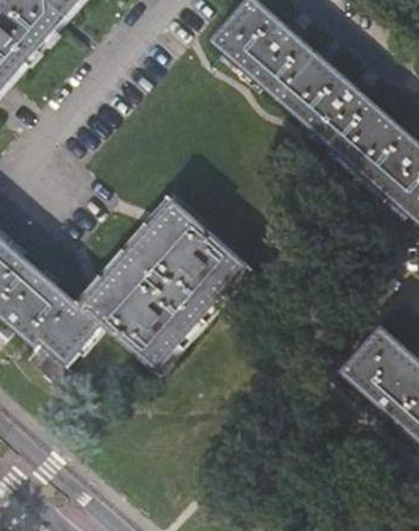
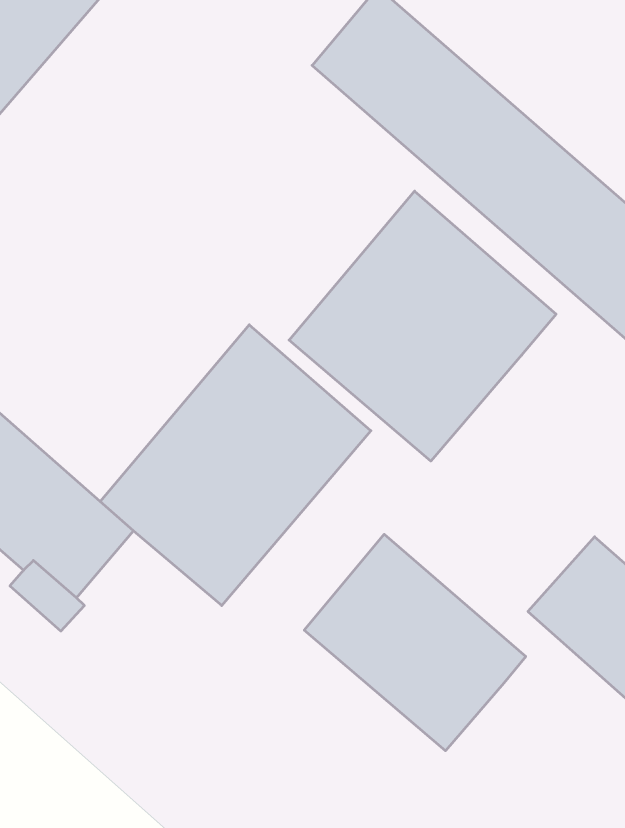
building: none -> [289,191,556,461]
building: none -> [304,534,526,751]

